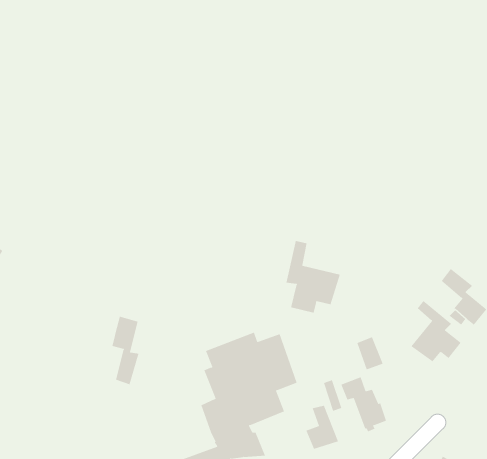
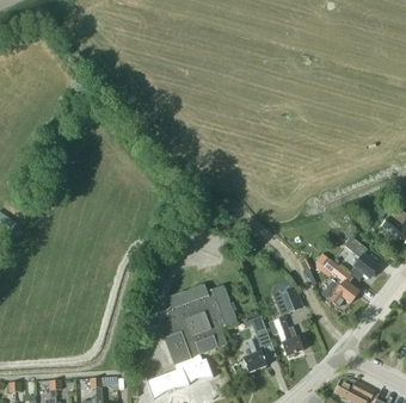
building: [286,240,340,314] -> none
building: [112,316,139,385] -> none

